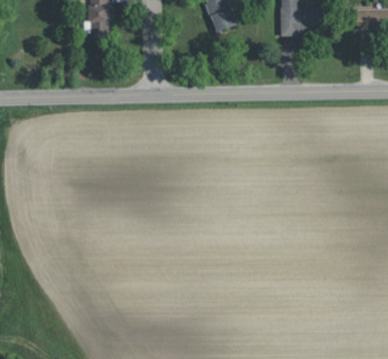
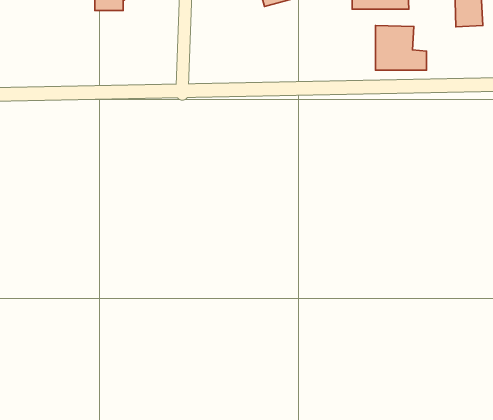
building: none -> [375,25,426,70]

